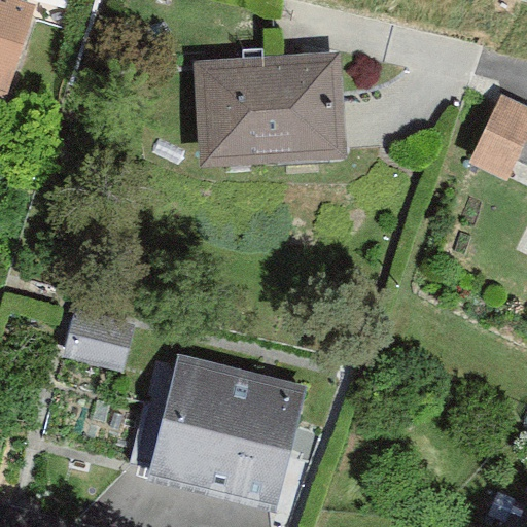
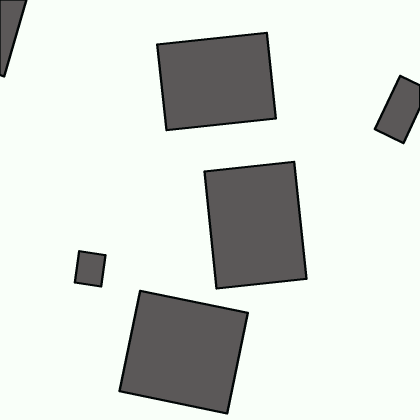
building: none -> [204,162,306,288]

